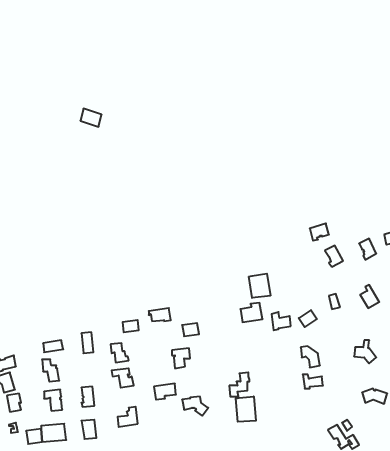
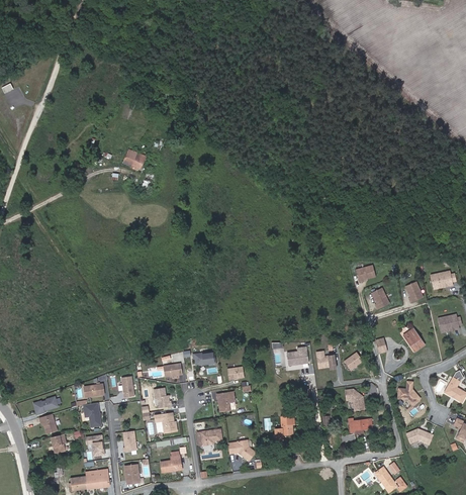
building: [249,274,270,298] -> none
building: [236,396,256,422] -> none

